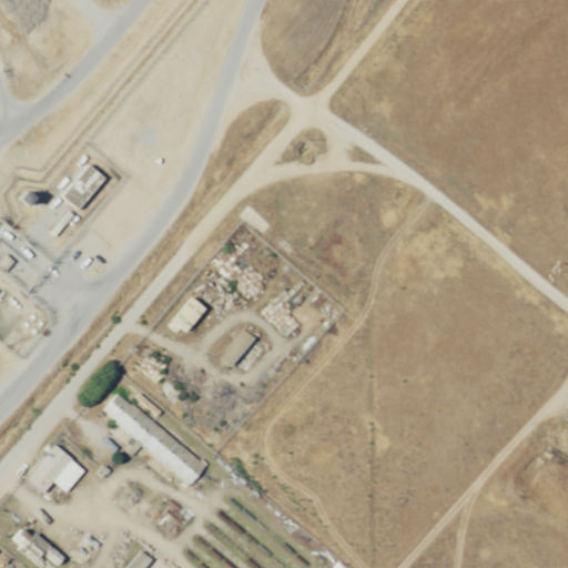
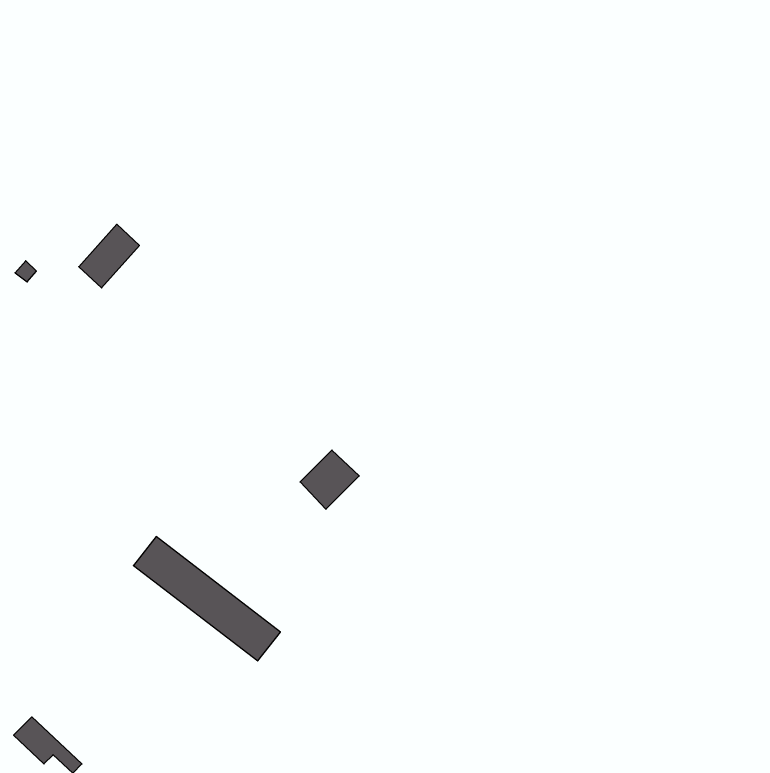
building: [172,298,205,334] -> none
building: [26,444,85,494] -> none

